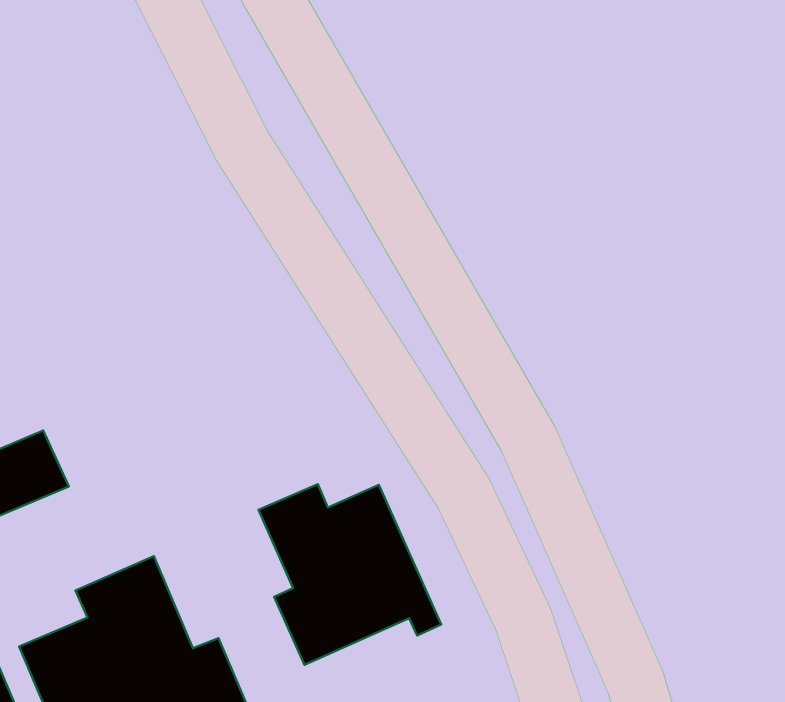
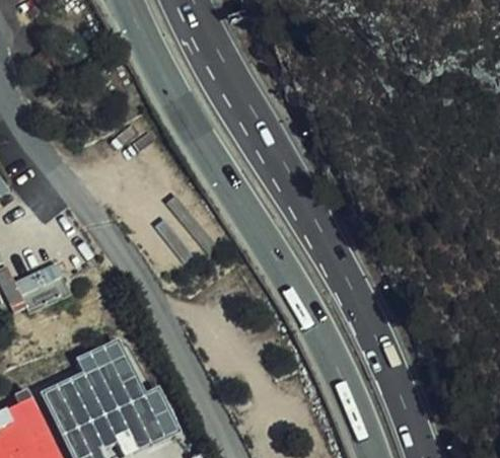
building: [259,484,441,665] -> none

